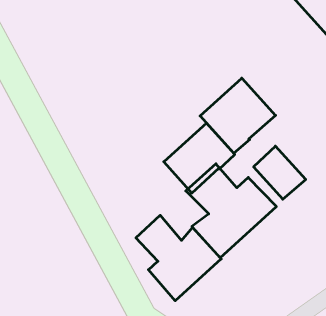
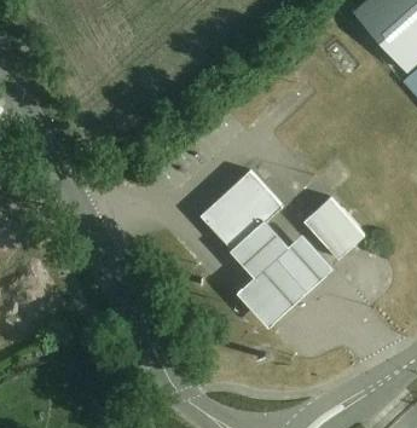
building: [200,78,276,153] -> none
building: [136,215,221,301] -> none

